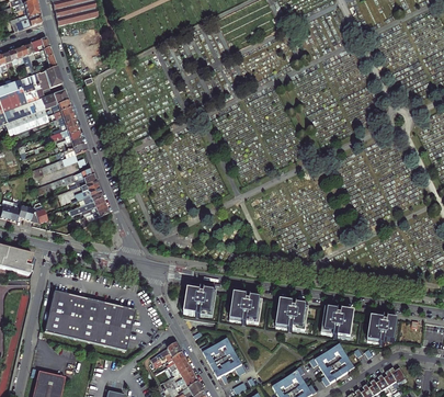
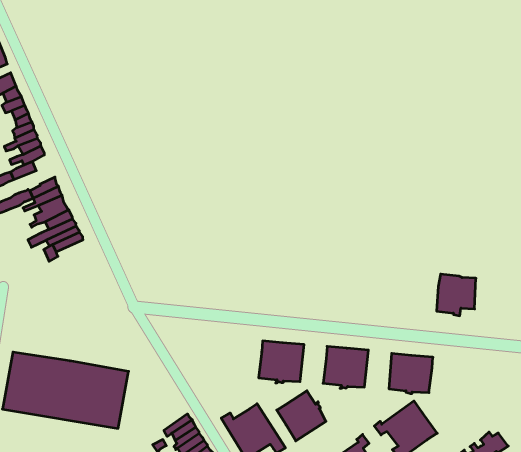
building: [183,286,216,317] -> none
building: [368,314,398,344] -> [437,274,476,316]
building: none -> [277,391,326,441]

